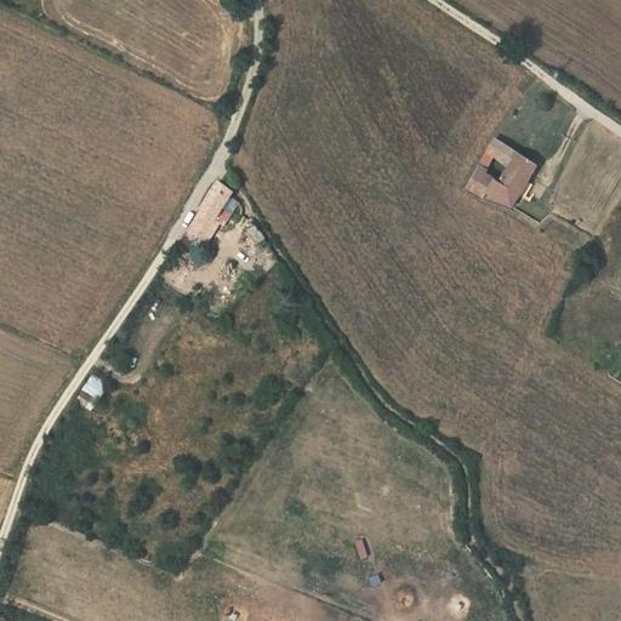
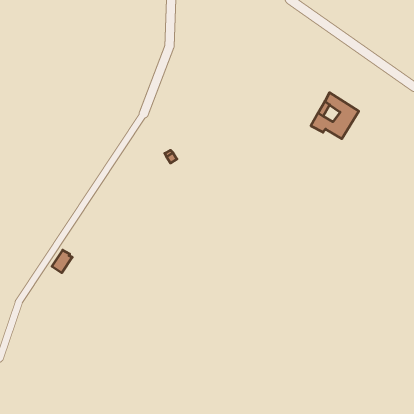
building: [190,182,238,235] -> none

